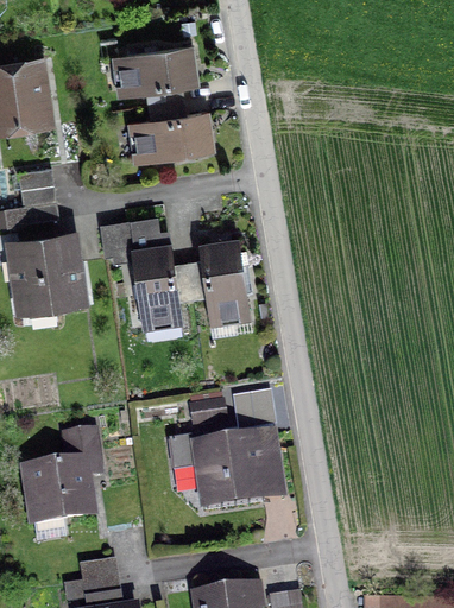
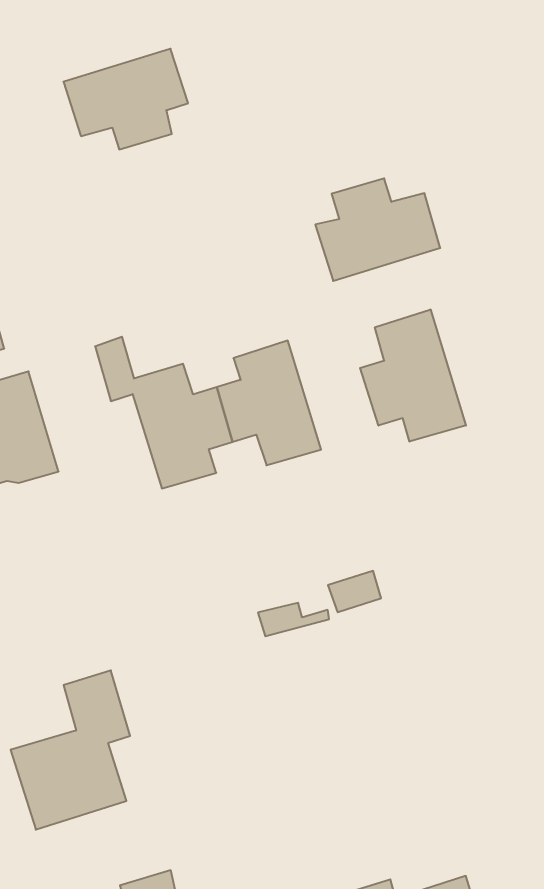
building: [135,100,212,159] -> [315,178,440,281]
building: none -> [360,309,466,442]
building: [170,433,282,498] -> none

